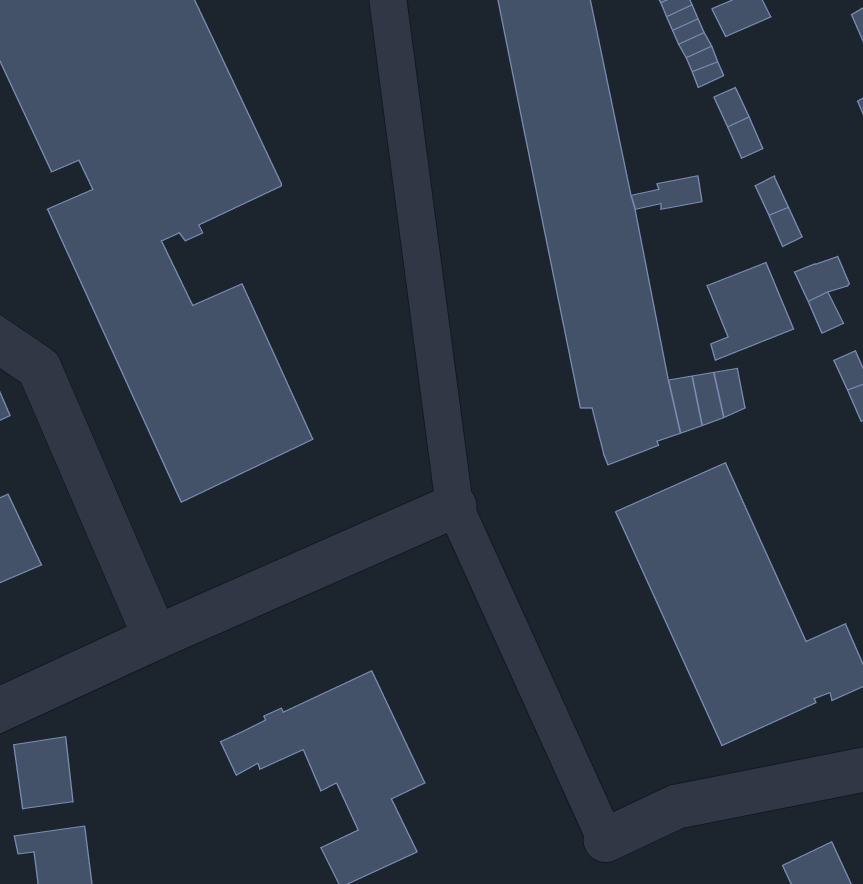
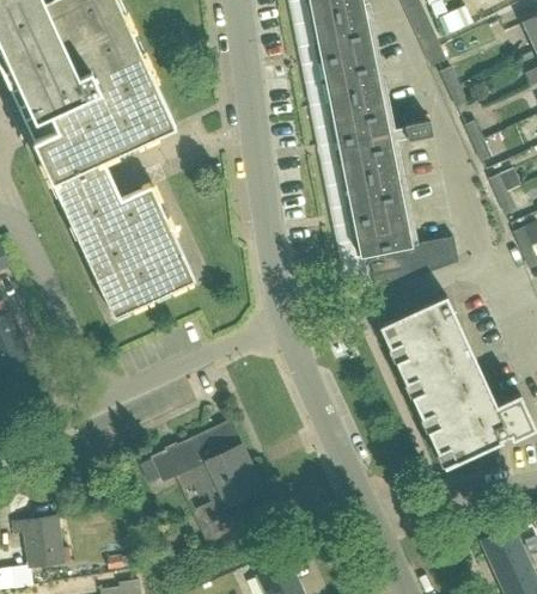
building: [707,262,794,360] -> none
building: [14,737,73,809] -> none

